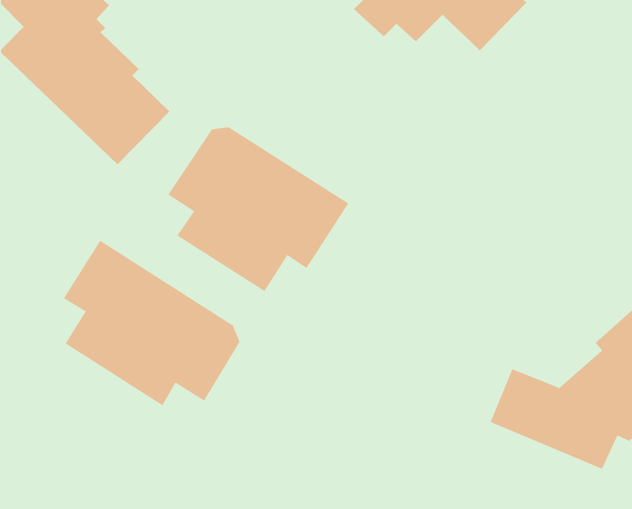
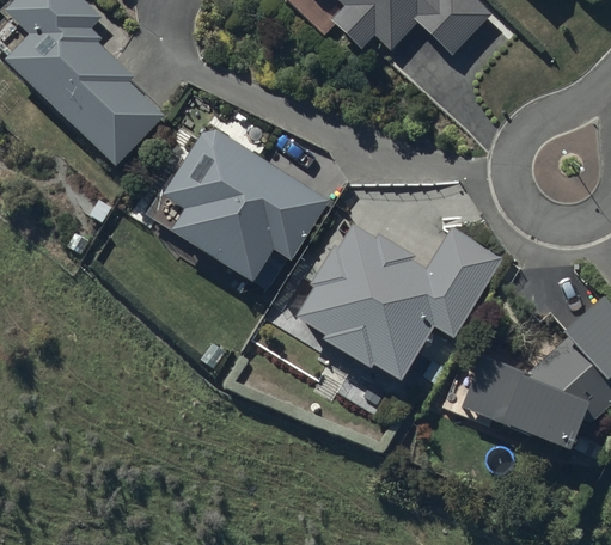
building: none -> [295,222,503,380]
building: [63,240,240,406] -> none

